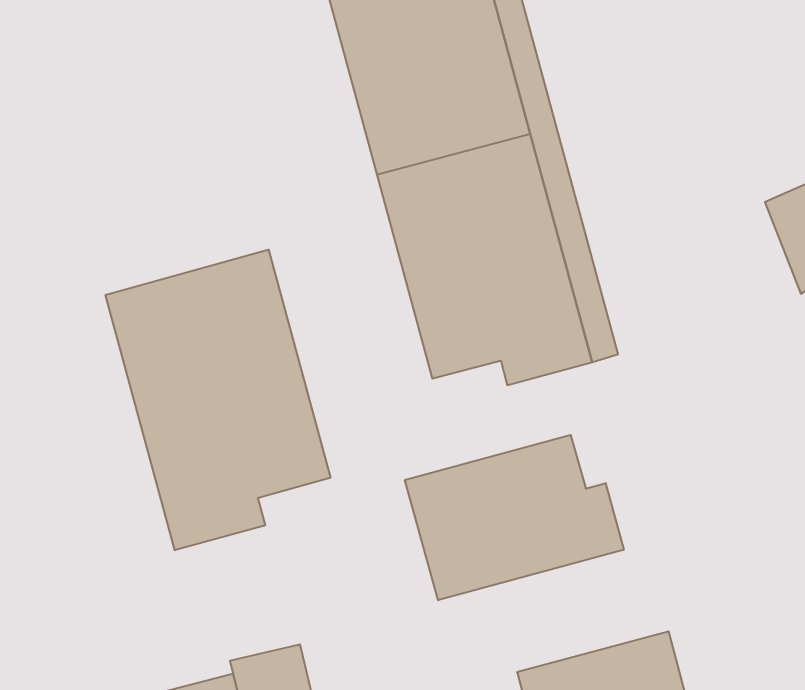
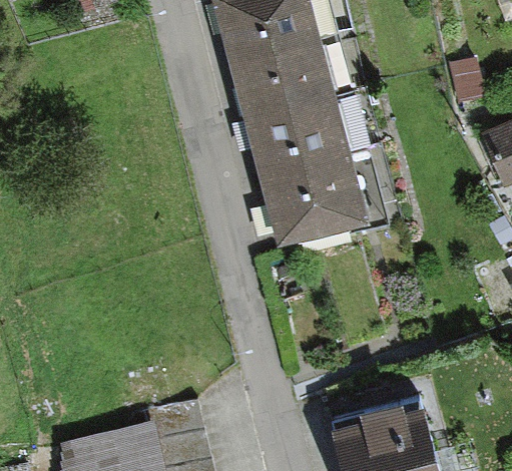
building: [106,250,330,550] -> none
building: [405,435,624,600] -> none

